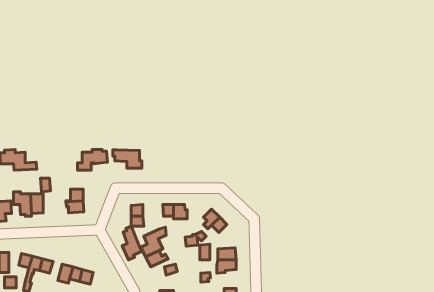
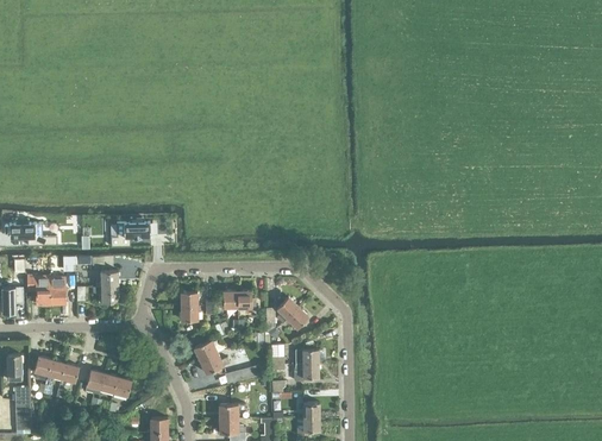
building: [113,150,142,168] -> none
building: [122,226,142,260] -> none

